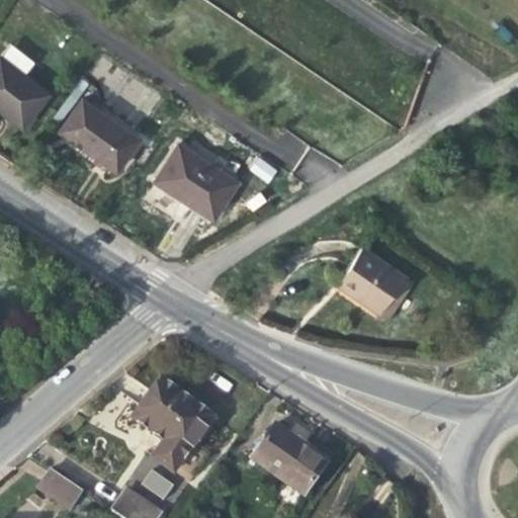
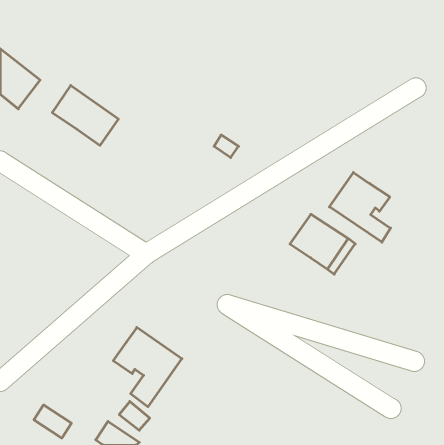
building: [156,145,237,218] -> none
building: none -> [329,172,391,242]
building: [253,427,327,495] -> none

